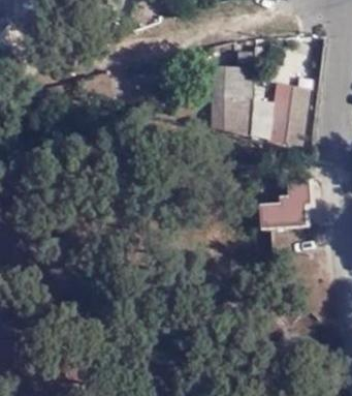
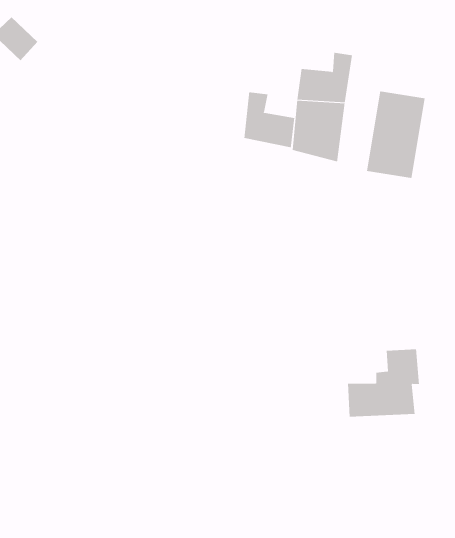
building: none -> [244,91,295,148]
building: [262,180,313,227] -> [347,349,420,417]

